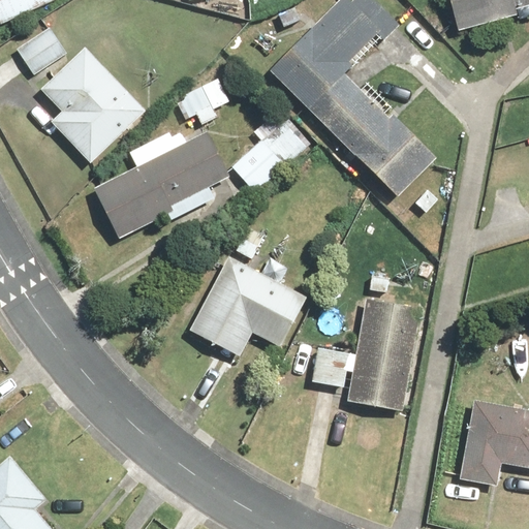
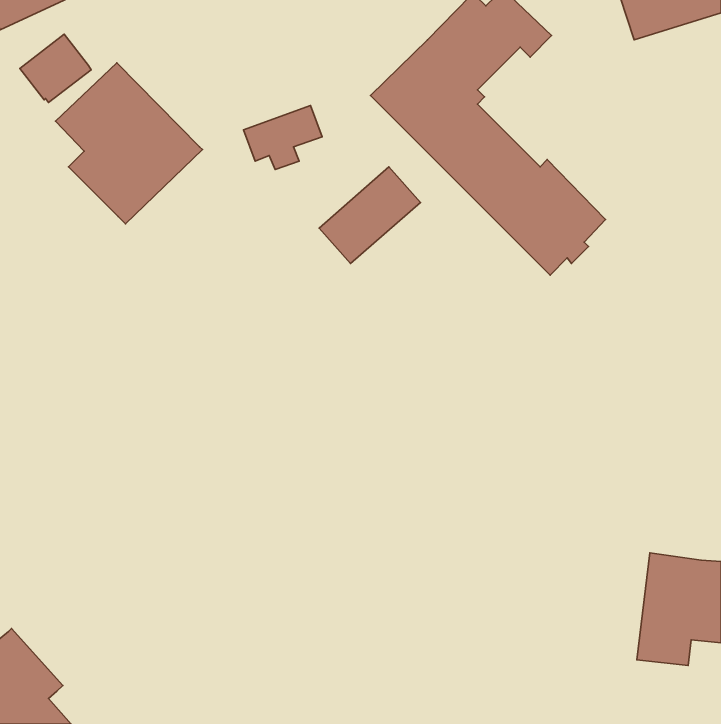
building: [95,128,228,238] -> none
building: [189,255,307,355] -> none
building: [312,302,415,409] -> none

